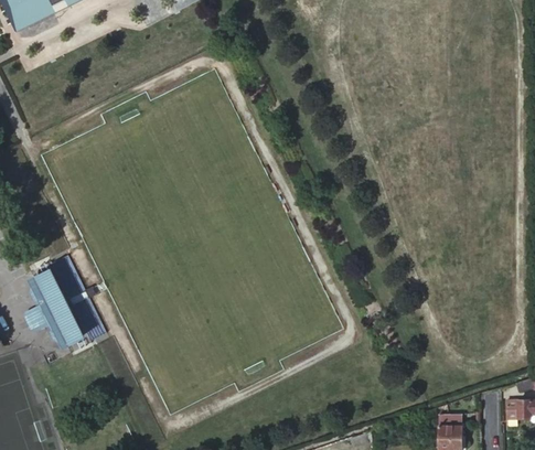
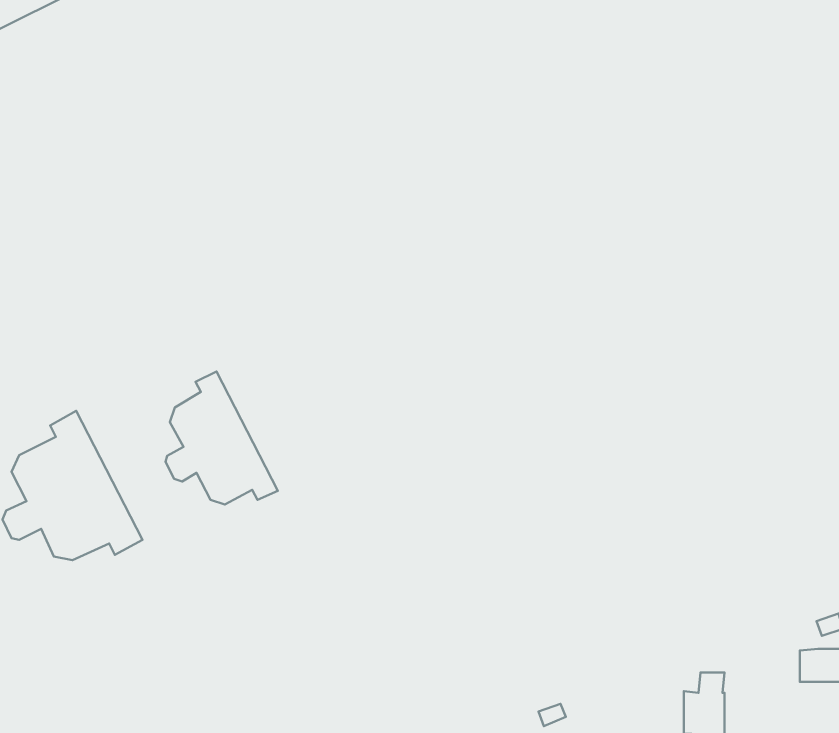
building: none -> [165,371,278,504]

